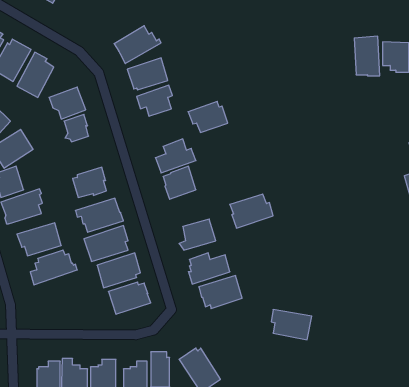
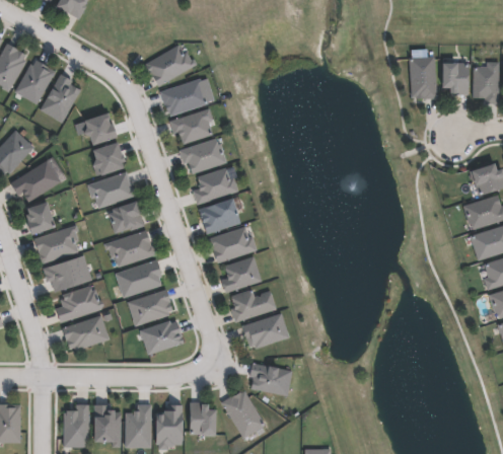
building: [188,101,228,132] -> [182,139,224,172]
building: none -> [82,167,132,205]
building: [230,194,273,228] -> [206,224,253,260]
building: none -> [64,315,112,350]
building: [271,310,312,340] -> [246,364,290,396]

